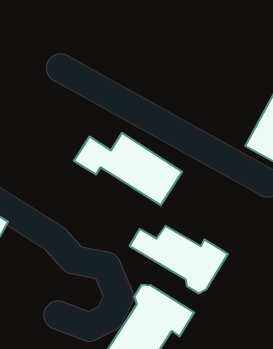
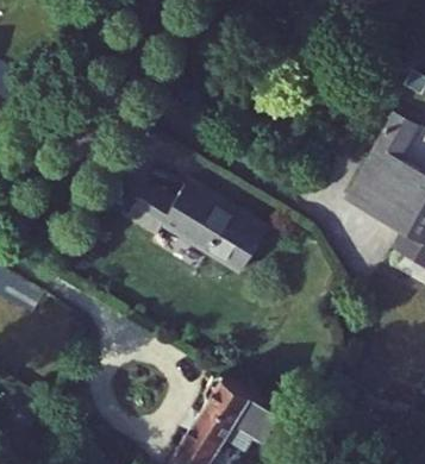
building: [130,226,228,294] -> none

